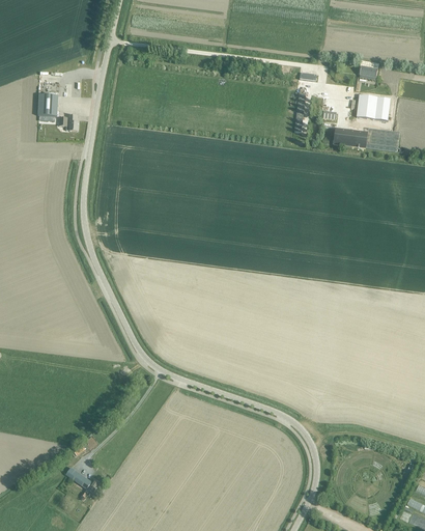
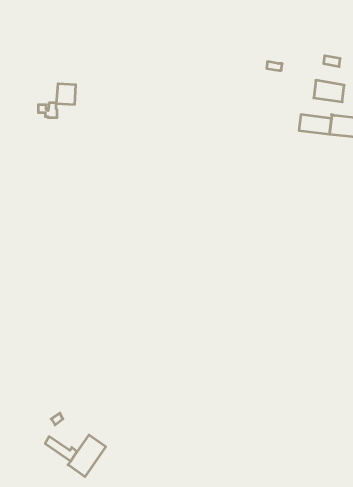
building: [37,93,58,115] -> [56,84,76,104]
building: none -> [68,435,106,477]

